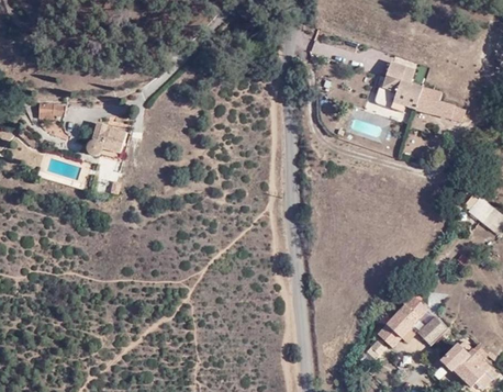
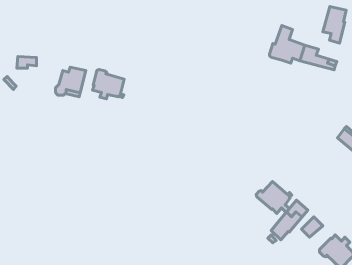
building: none -> [323,7,346,43]
building: none -> [92,69,124,99]
building: none -> [256,182,292,213]

